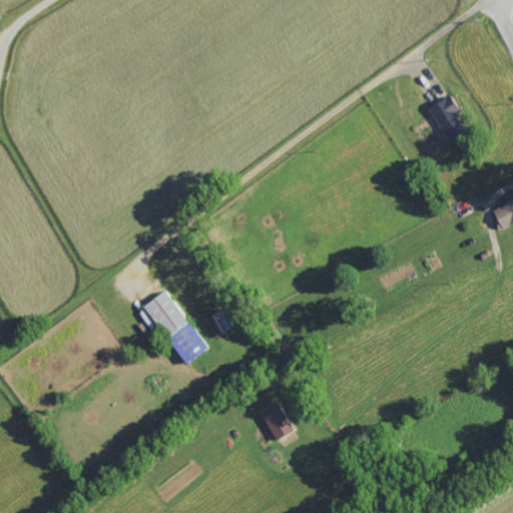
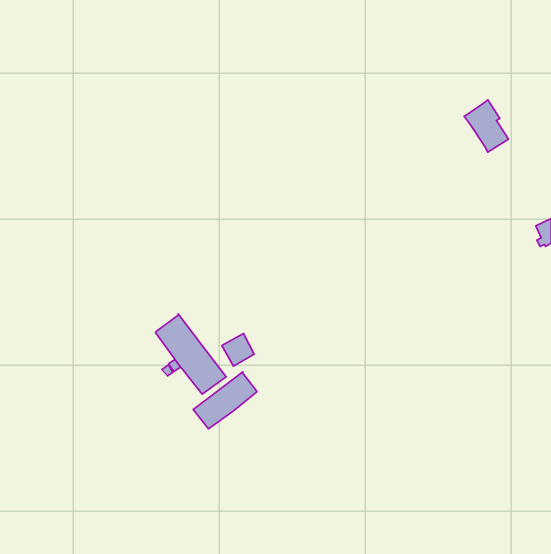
building: none -> [193,372,257,429]
building: [259,402,293,440] -> none

